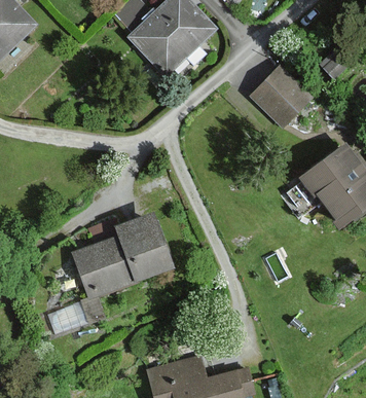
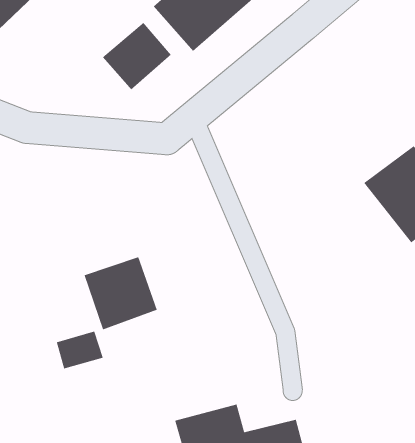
building: none -> [102,22,172,91]
building: [253,68,308,123] -> none
building: [115,214,173,282] -> none

